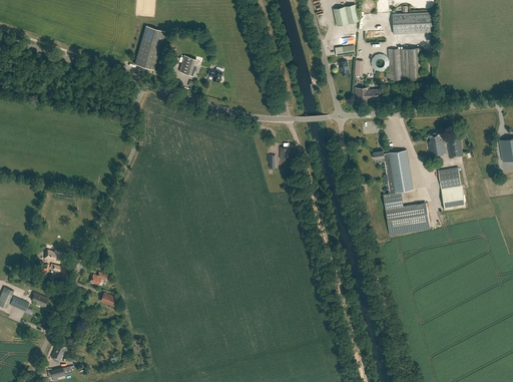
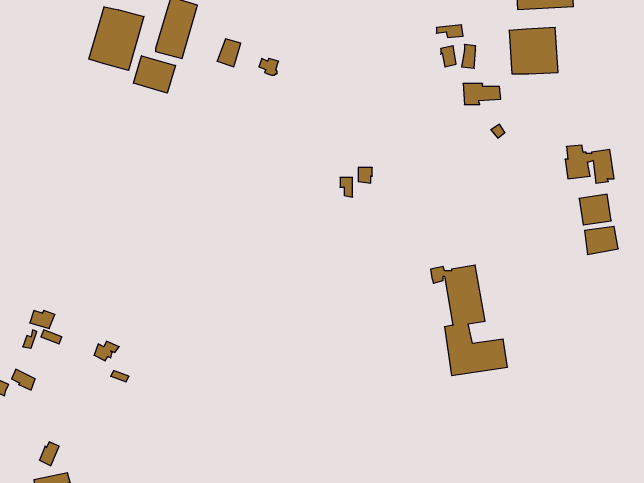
building: none -> [89,7,144,70]
building: none -> [133,56,175,93]
building: [374,150,429,230] -> [431,265,507,376]

